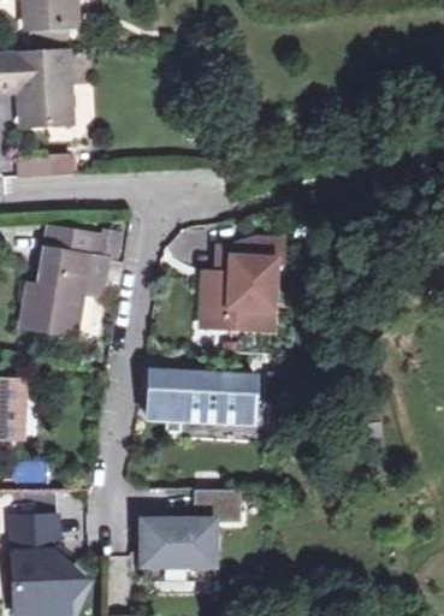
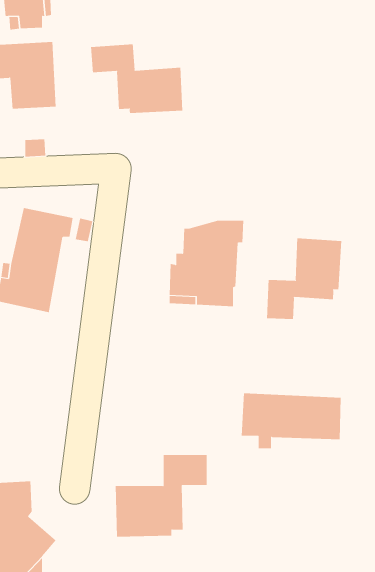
building: none -> [91,44,183,114]
building: none -> [267,238,342,320]
building: [147,373,253,432] -> [241,393,342,449]

